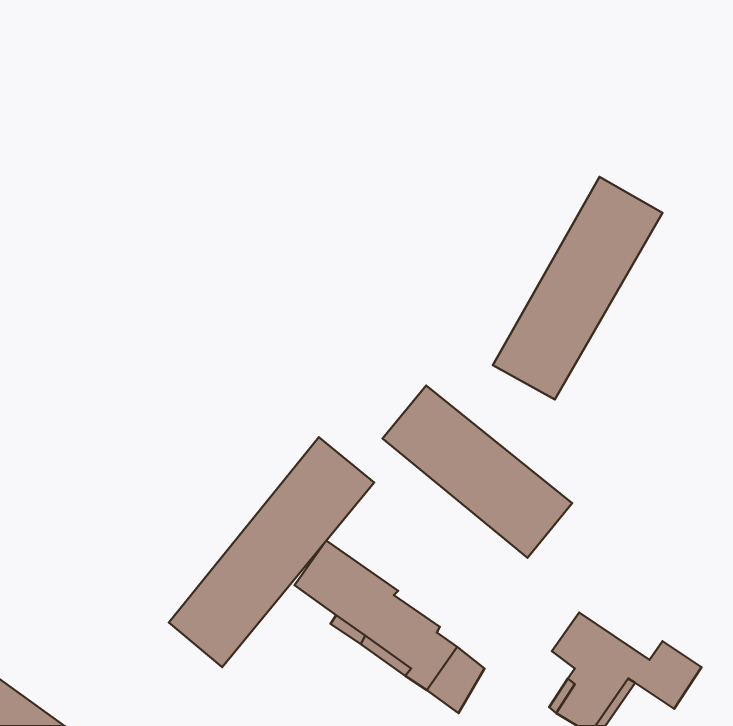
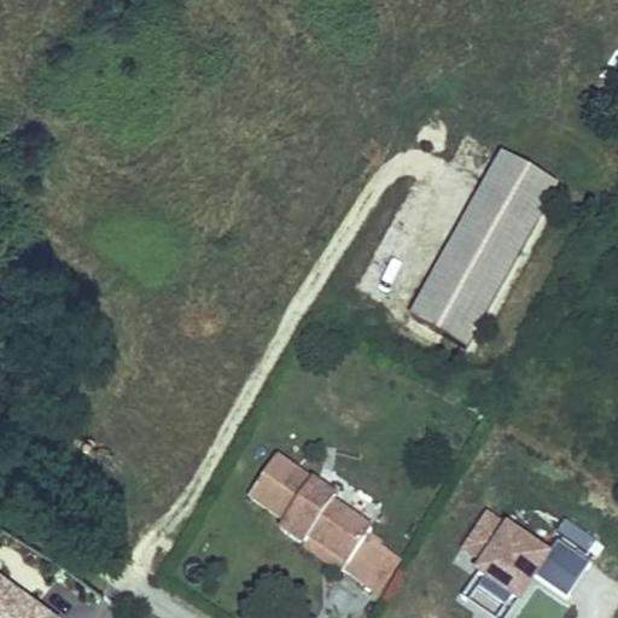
building: [382,386,572,558] -> none
building: [169,437,374,667] -> none

